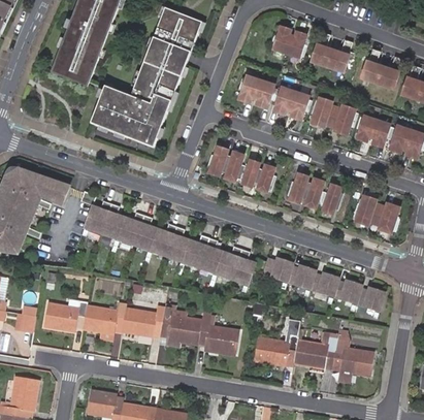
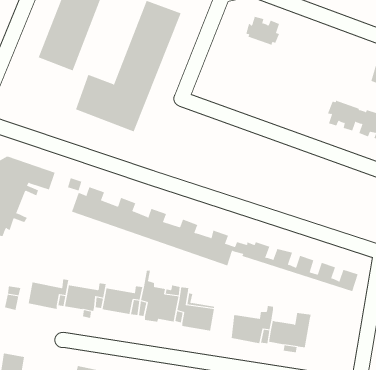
building: [311,30,351,70] -> none
building: [360,46,401,87] -> none
building: [239,74,308,118] -> none
building: [311,95,358,134] -> none
building: [205,144,274,191] -> none
building: [286,173,341,213] -> none
building: [352,194,399,232] -> none
building: [333,336,378,387] -> none

